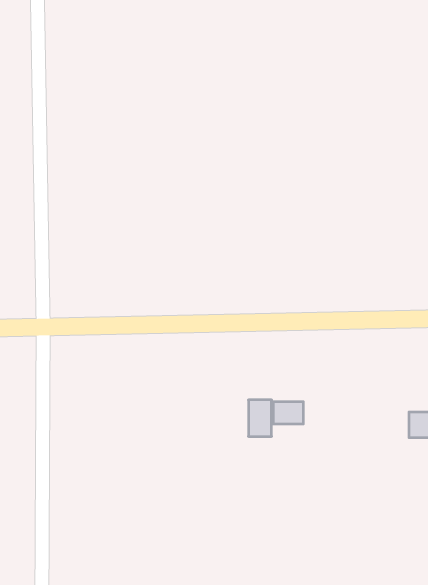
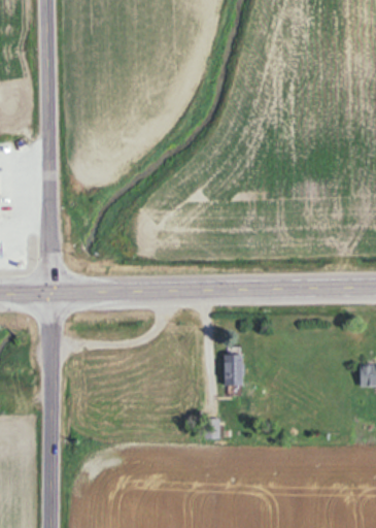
building: [273,402,303,424] -> none

